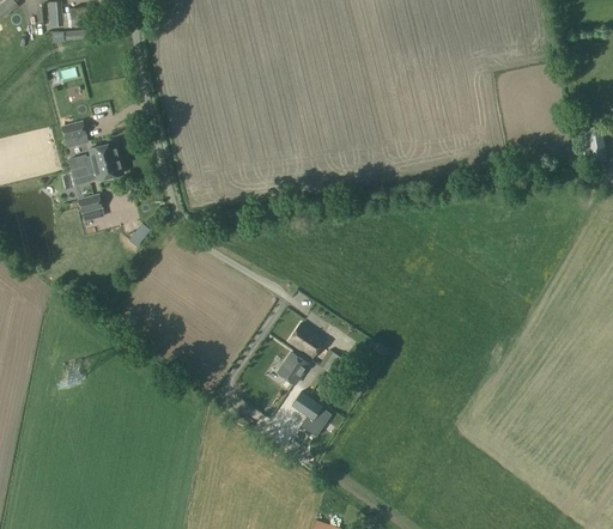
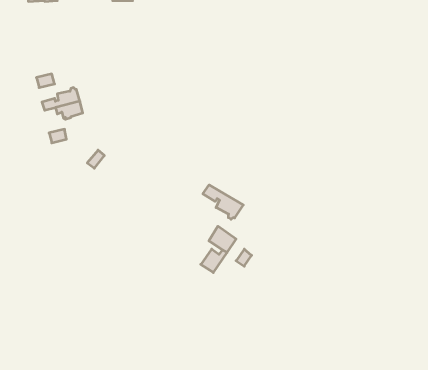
building: none -> [203,185,243,219]
building: [292,391,332,437] -> none

